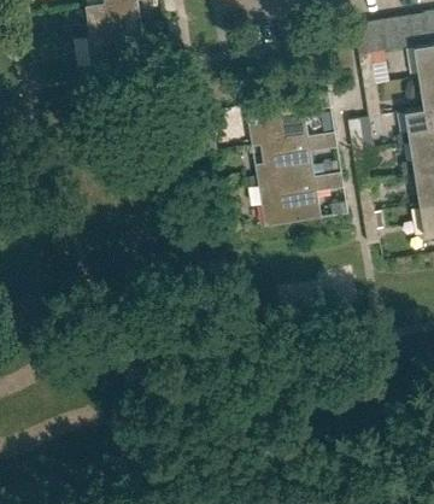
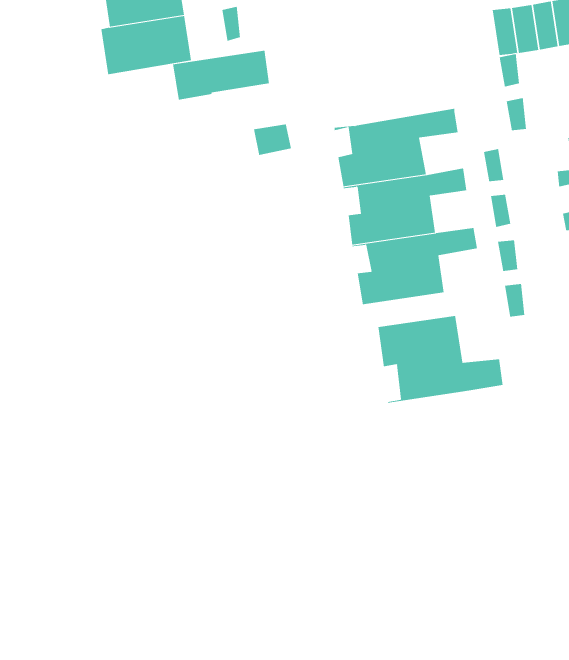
building: none -> [172,50,270,101]
building: none -> [378,315,503,404]

